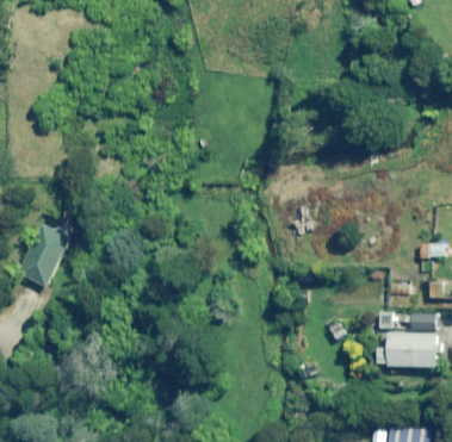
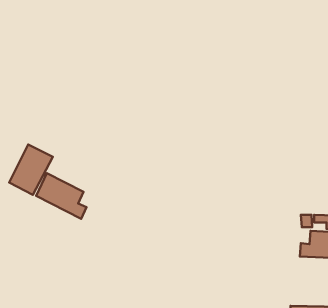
building: none -> [36,173,87,219]

